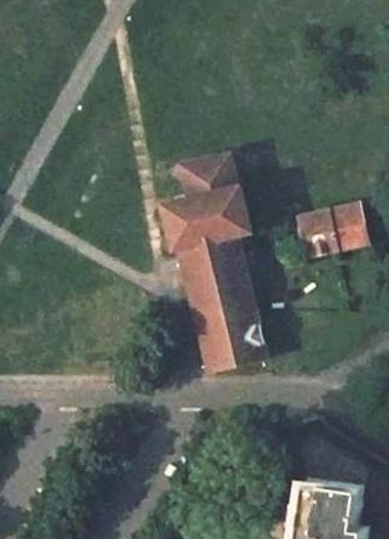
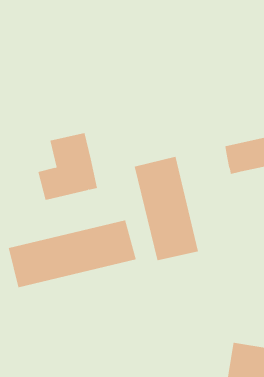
building: [166,154,246,244] -> [37,132,98,200]
building: none -> [8,220,136,288]

